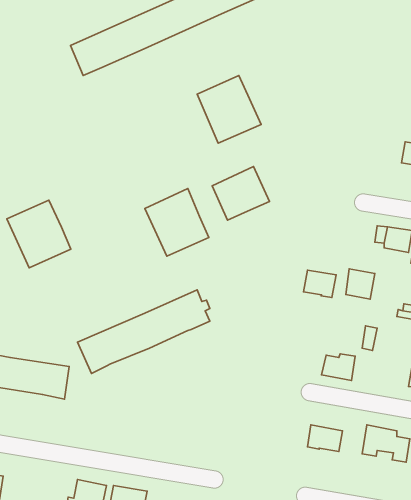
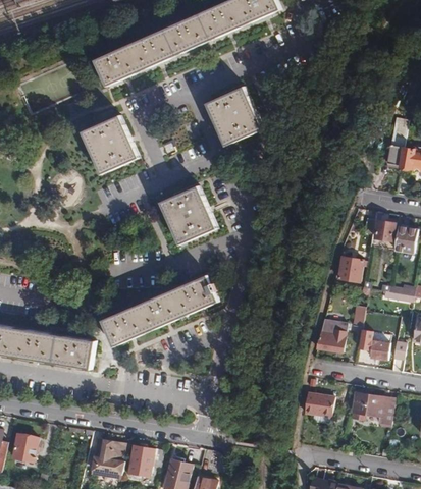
building: [212,167,270,220] -> none
building: [7,200,71,268] -> [83,115,139,174]
building: [304,270,336,298] -> none
building: none -> [363,338,389,360]

